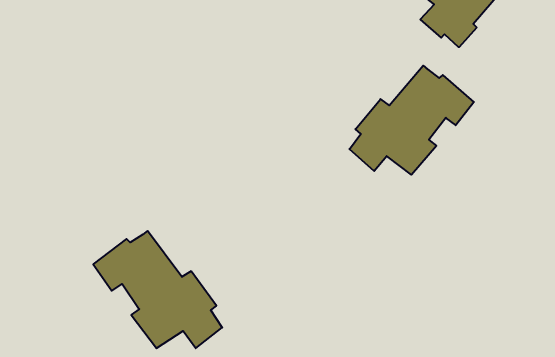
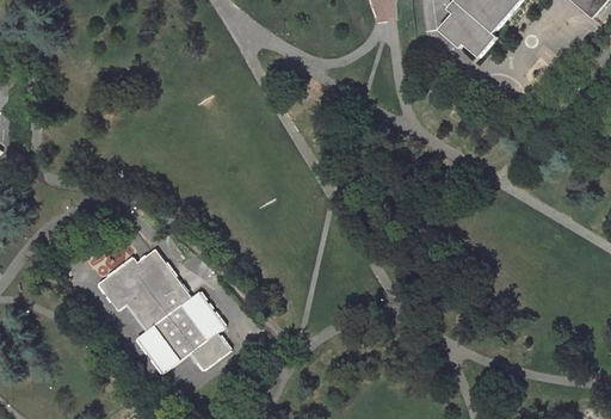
building: [349,66,474,175] -> none

